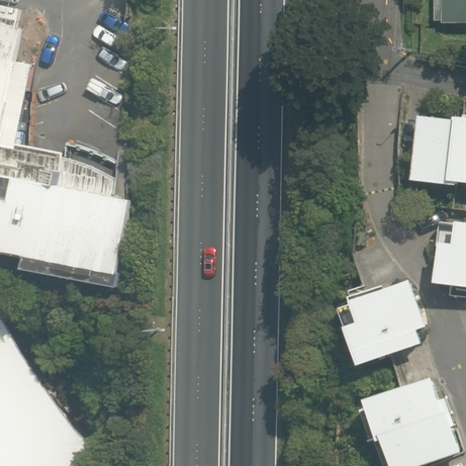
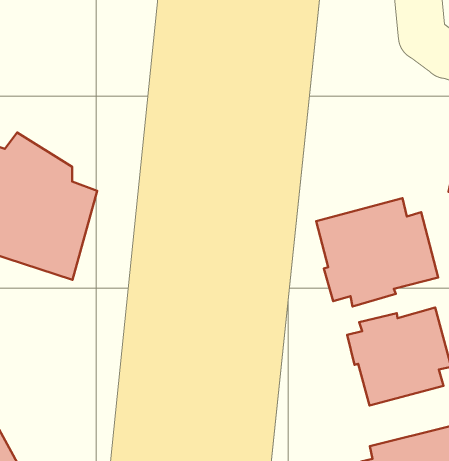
building: none -> [316,198,438,306]

